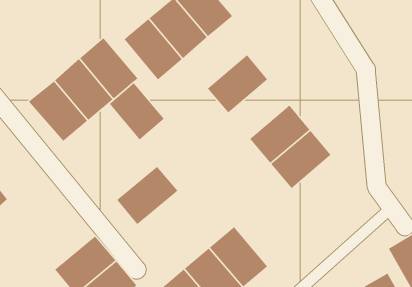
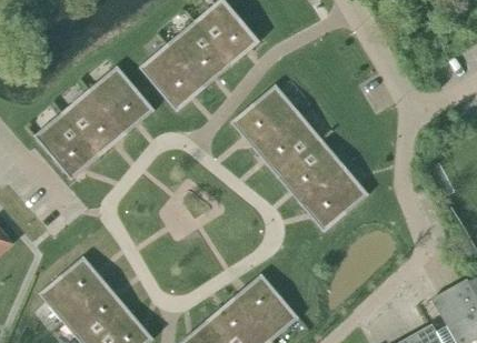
building: none -> [254,111,321,176]
building: [109,82,165,140] -> none
building: [116,166,178,225] -> [38,255,107,321]

